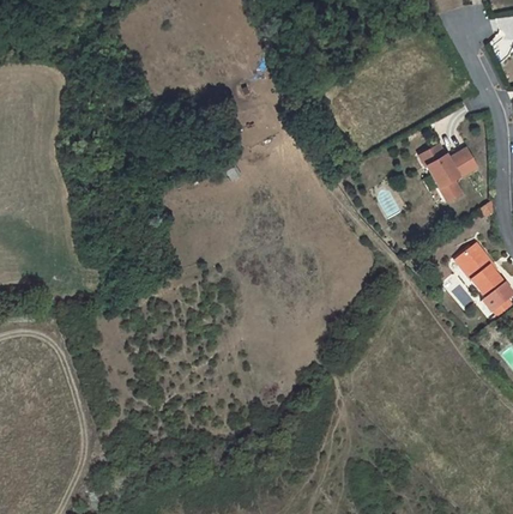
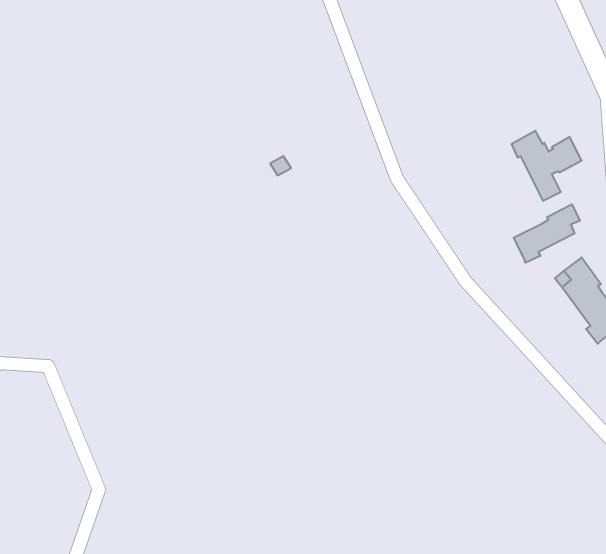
building: none -> [514,204,580,263]

